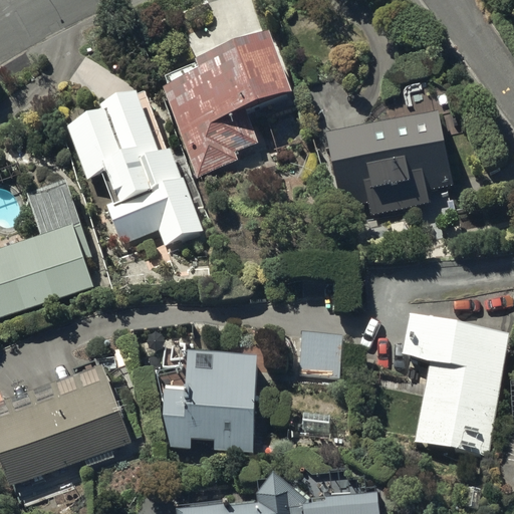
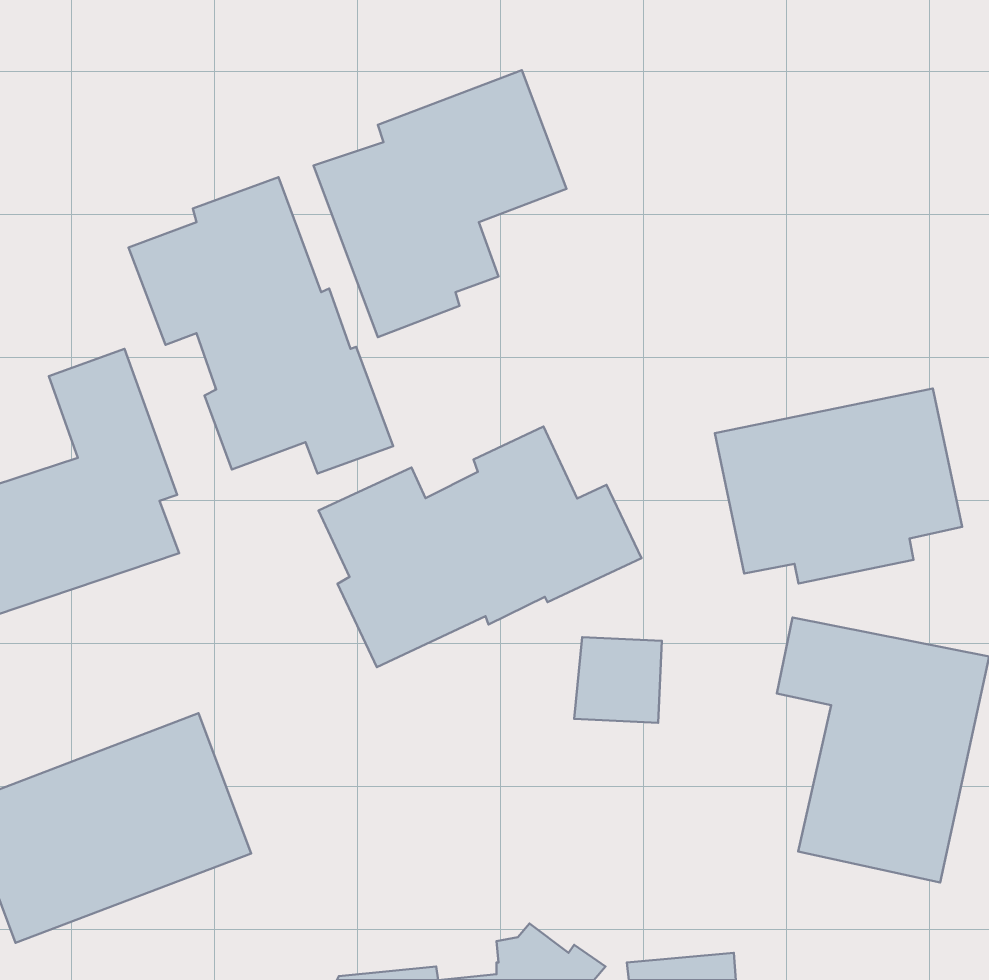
building: [325,111,453,212] -> [715,389,962,583]
building: none -> [319,426,642,667]
building: [162,355,256,450] -> none

